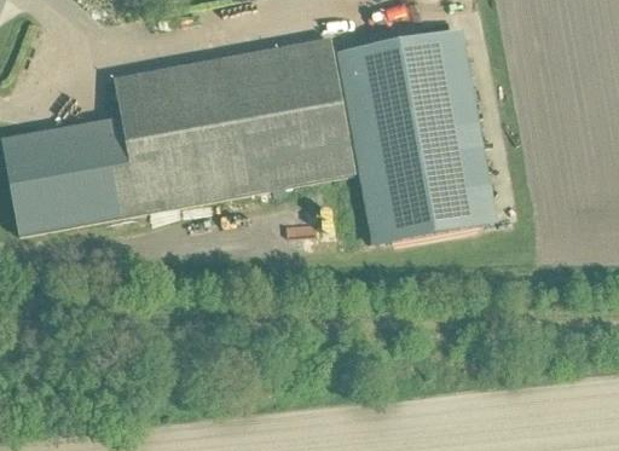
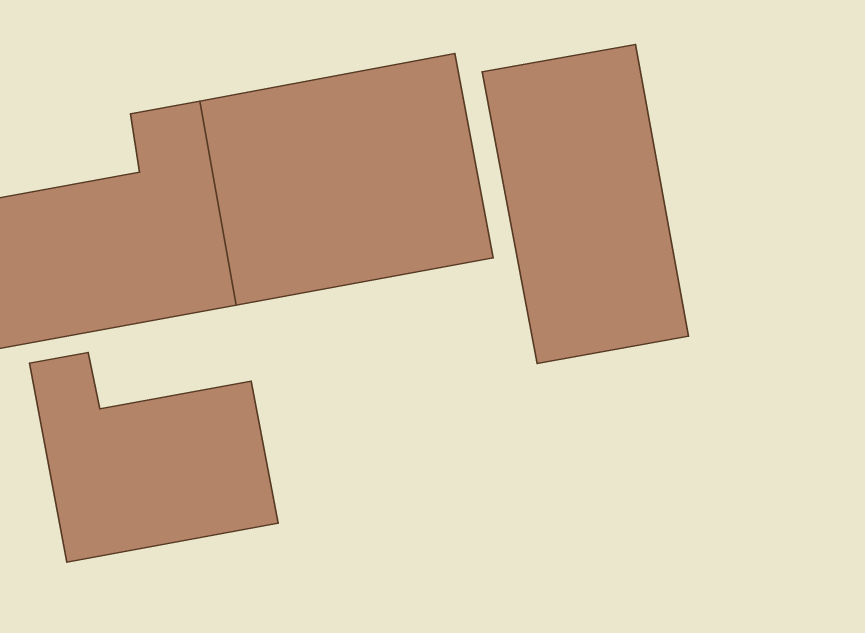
building: none -> [30,352,278,562]

